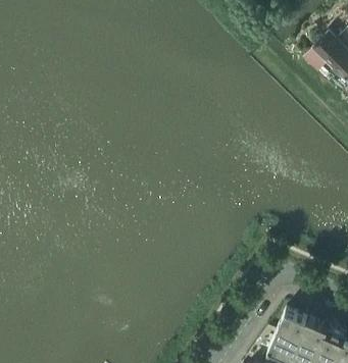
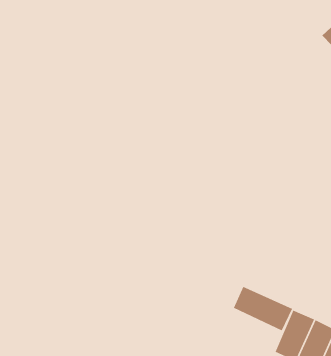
building: none -> [233,286,293,332]

